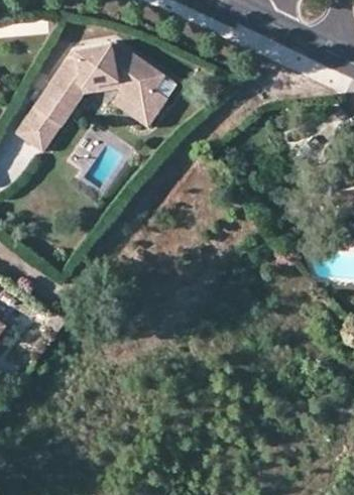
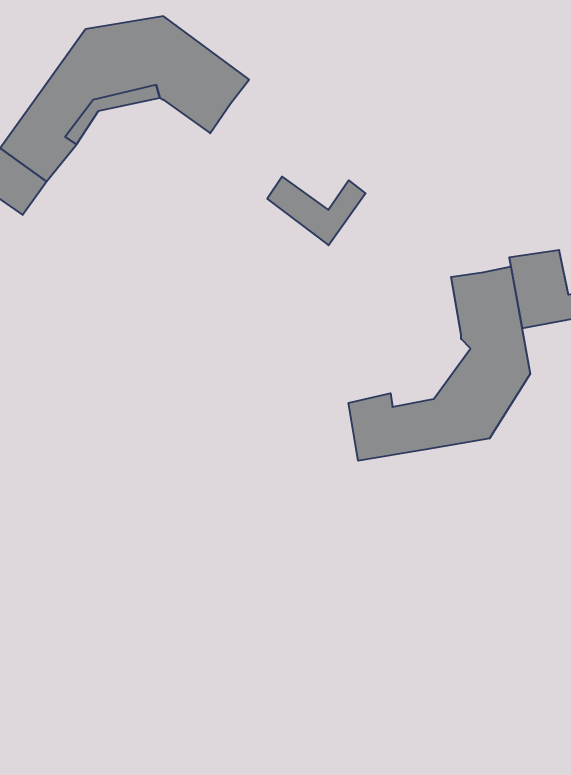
building: [112,89,165,126] -> [267,177,366,245]
building: none -> [348,267,530,461]

